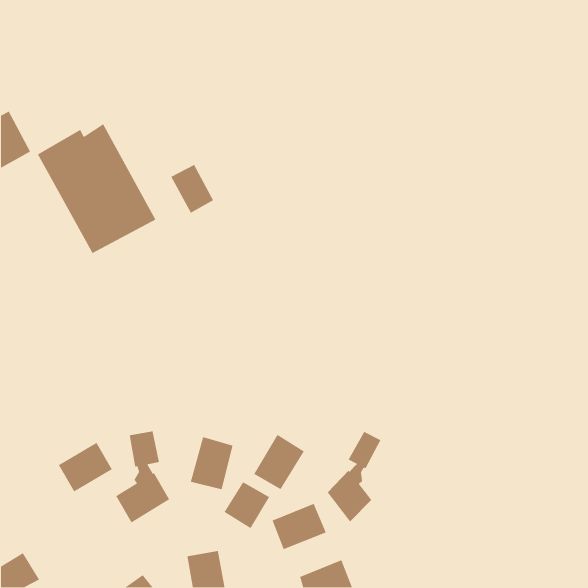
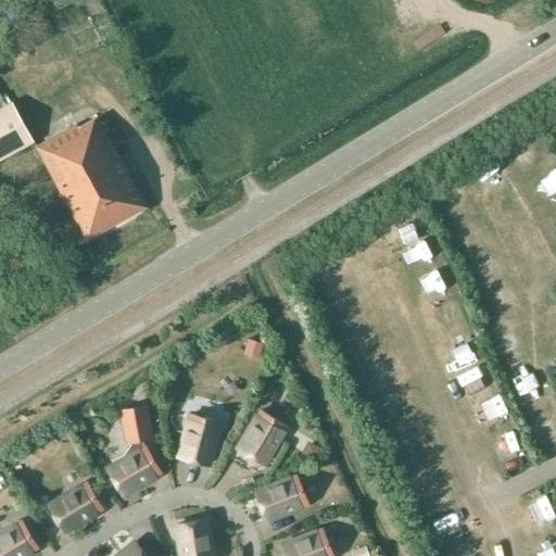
building: [170,164,214,214] -> none
building: [327,431,382,523] -> none
building: [58,442,113,492] -> [50,482,102,530]
building: [223,481,270,529] -> none

